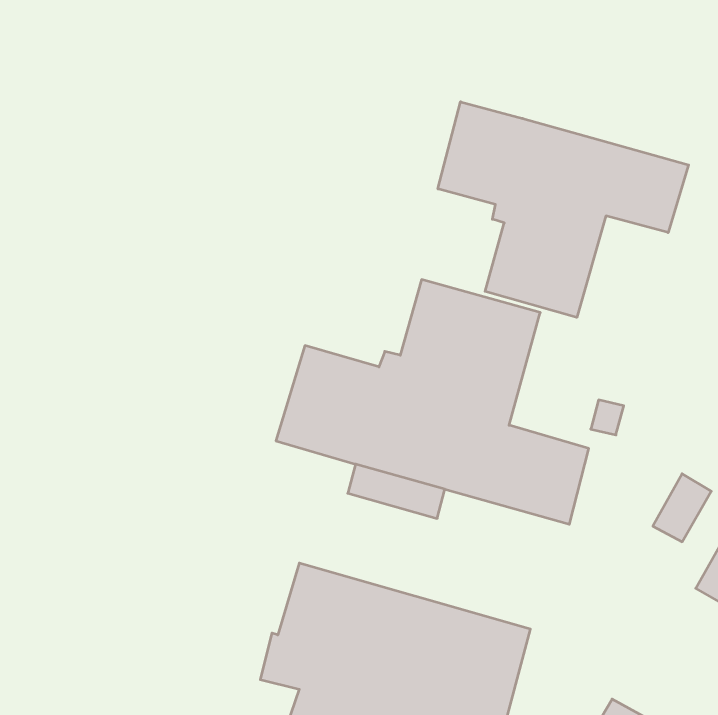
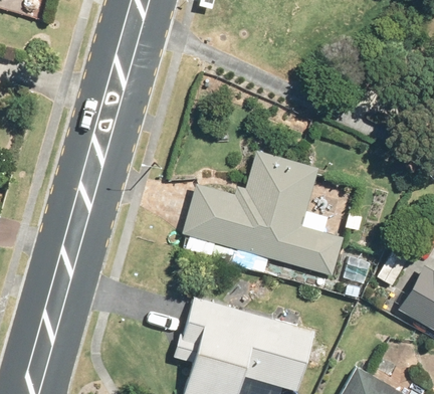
building: [438,102,689,317] -> none

